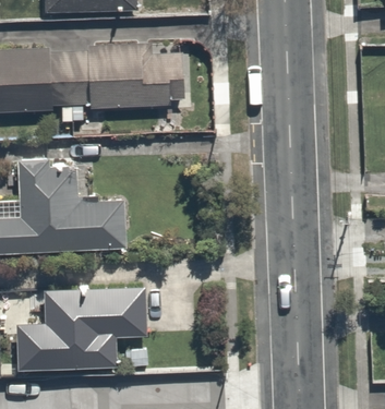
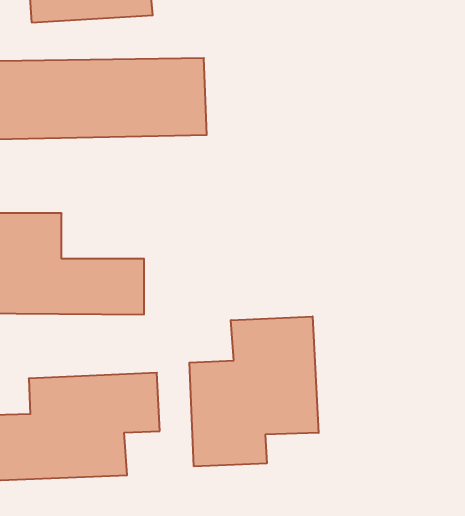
building: none -> [189,316,319,466]

